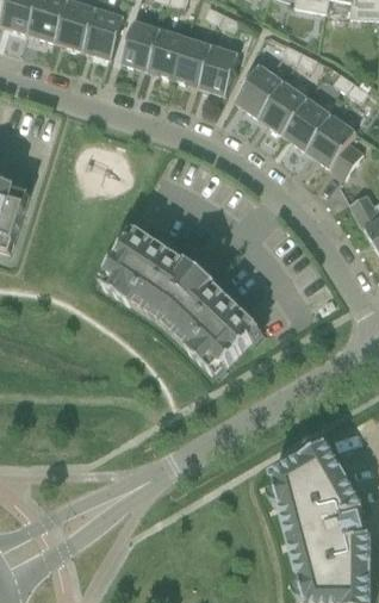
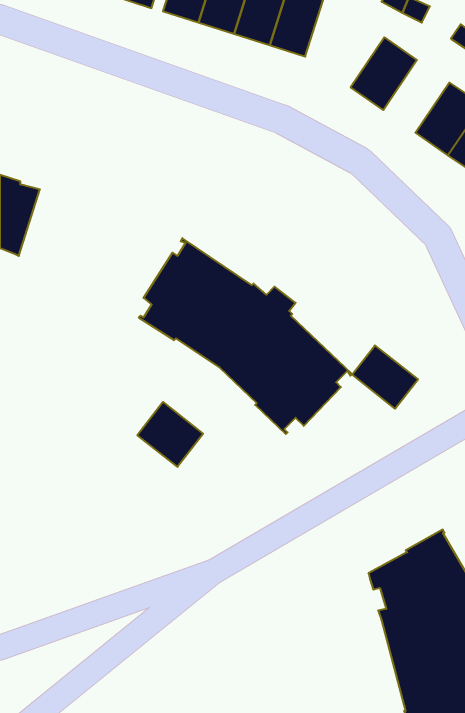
building: [234,64,284,118] -> none
building: [282,98,331,151] -> none
building: none -> [352,345,418,409]
building: none -> [137,402,203,467]

